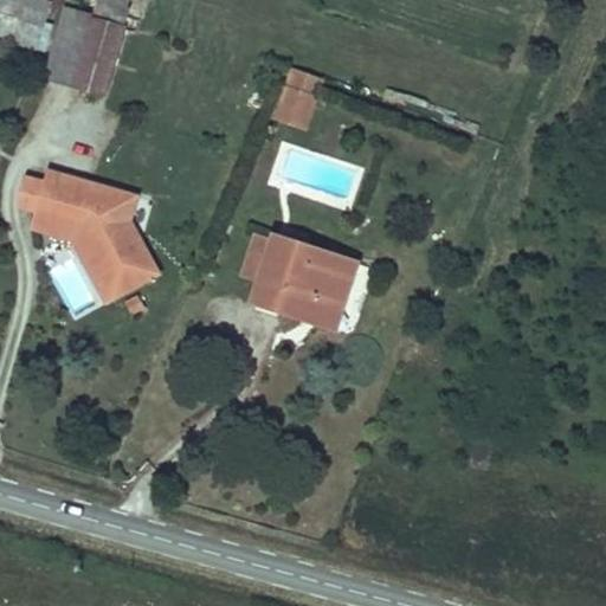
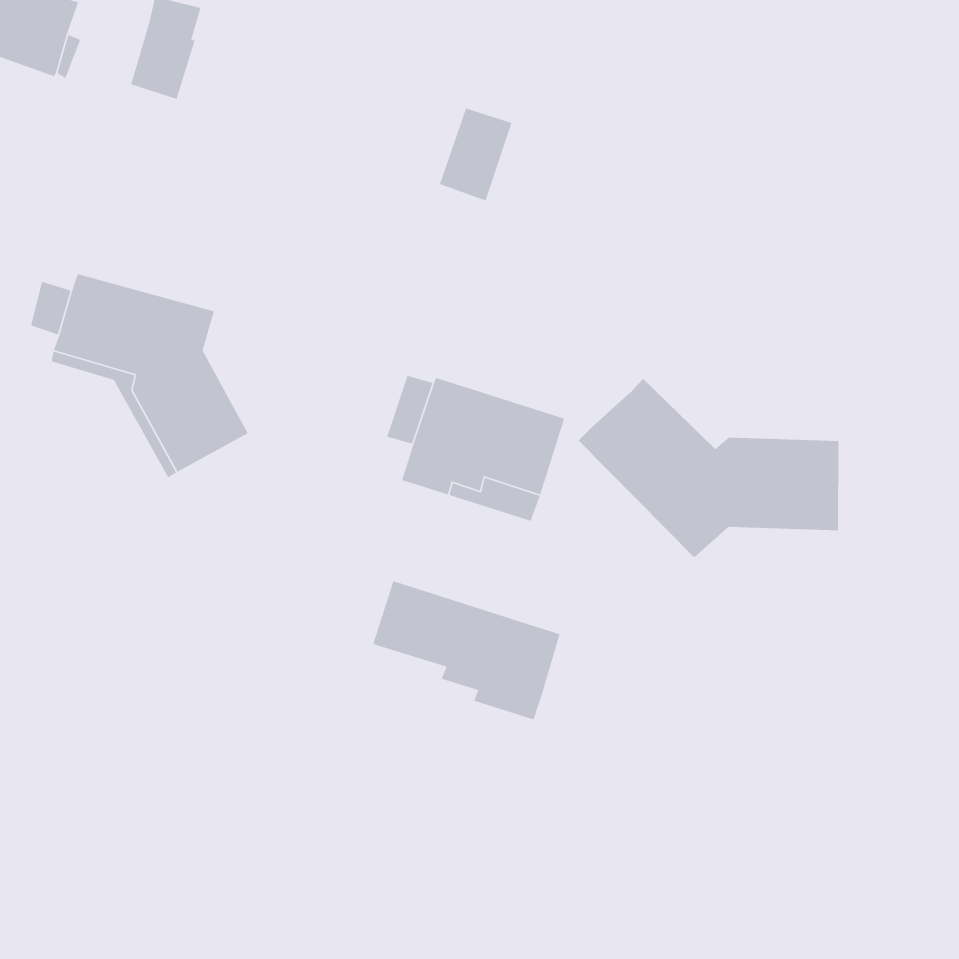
building: [44,5,111,94] -> none
building: none -> [578,378,839,558]
building: none -> [372,580,561,720]

